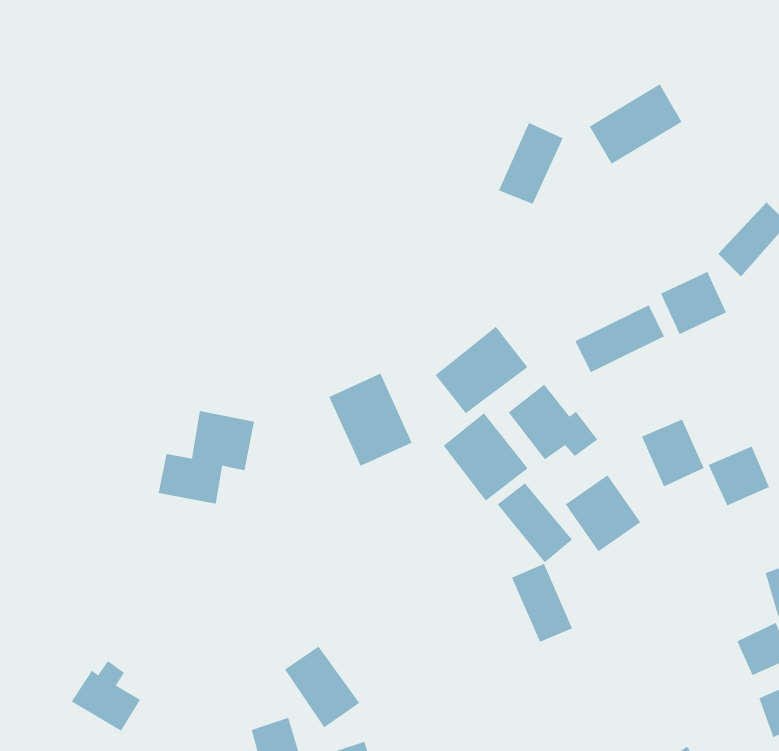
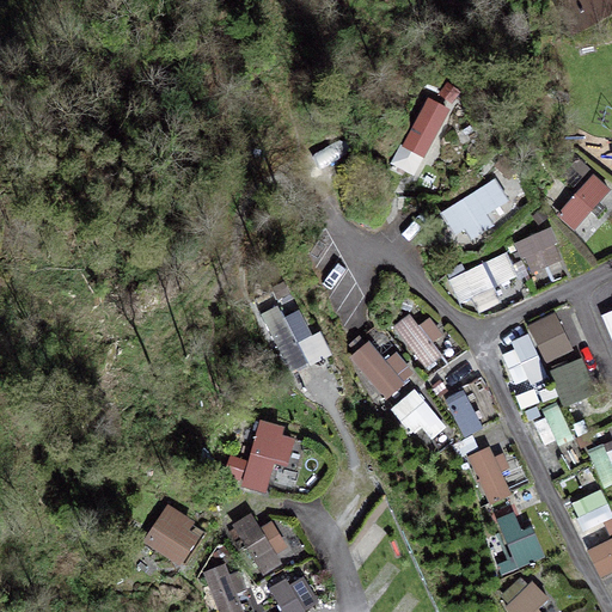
building: [589,84,682,165] -> [440,178,510,239]
building: [435,326,528,414] -> none
building: none -> [531,314,570,362]
building: [158,411,255,504] -> [225,423,298,494]
building: [511,563,573,643] -> [467,447,514,507]
building: none -> [486,512,545,574]
building: [71,660,141,732] -> [147,513,200,567]

